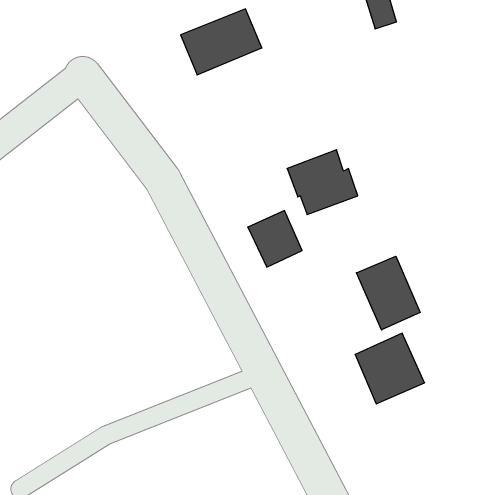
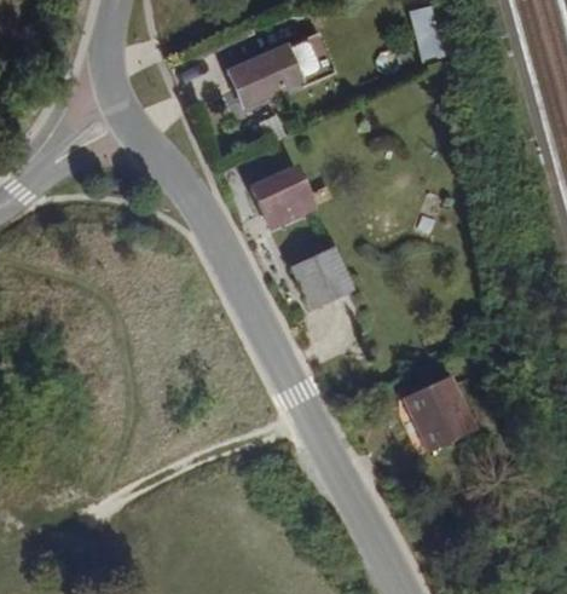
building: [287,150,358,215] -> [249,162,322,229]
building: [356,256,420,330] -> none

